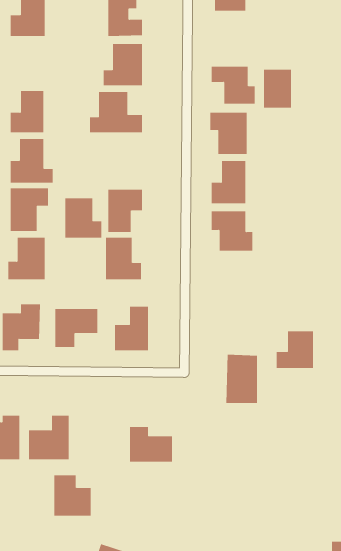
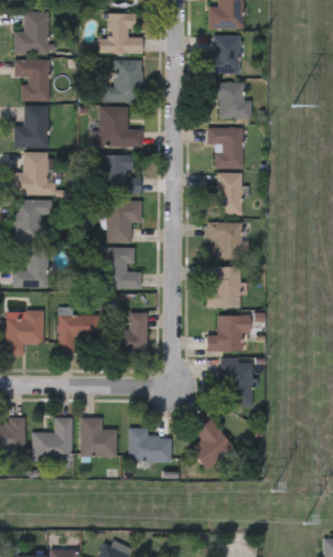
building: none -> [14,58,50,99]
building: [263,69,292,108] -> [212,35,239,73]
building: [64,198,102,238] -> [105,153,141,192]
building: none -> [207,266,239,307]
building: [276,331,314,369] -> [206,314,243,351]
building: none -> [192,419,233,468]
building: [54,475,91,516] -> [80,417,117,457]

